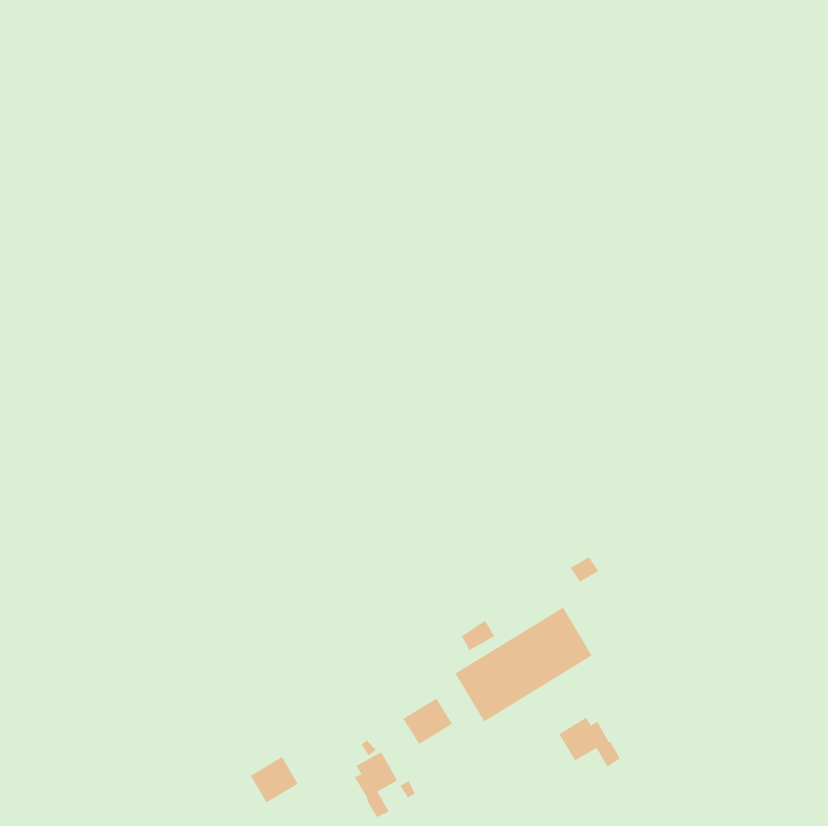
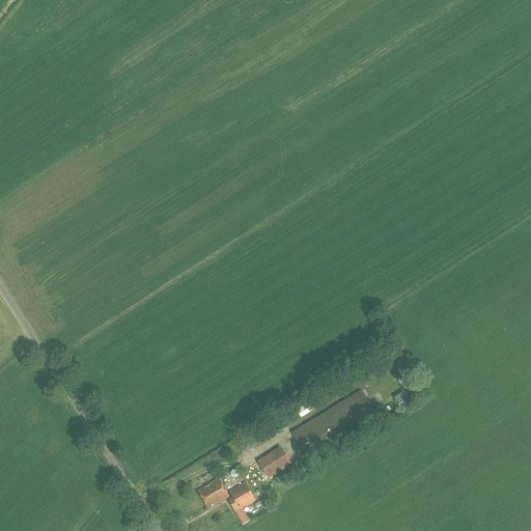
building: [558,717,621,768] -> none
building: [250,756,299,803] -> [197,477,228,507]

